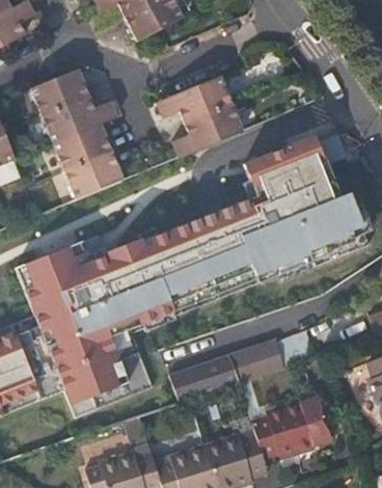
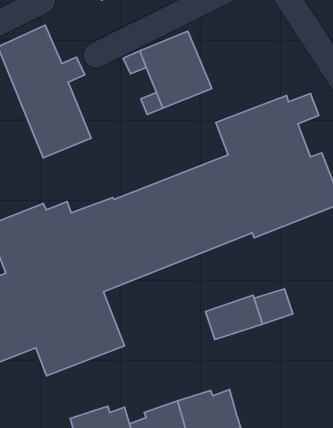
building: [178,351,245,399] -> none
building: [255,395,335,457] -> none

